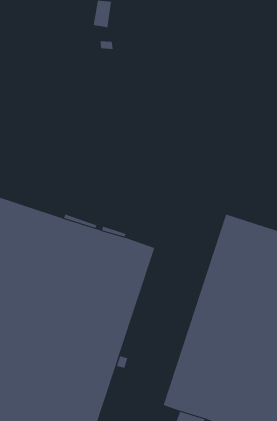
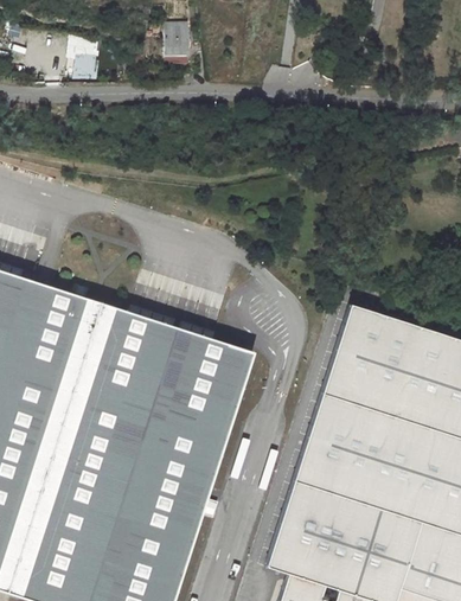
building: none -> [66,40,97,77]

